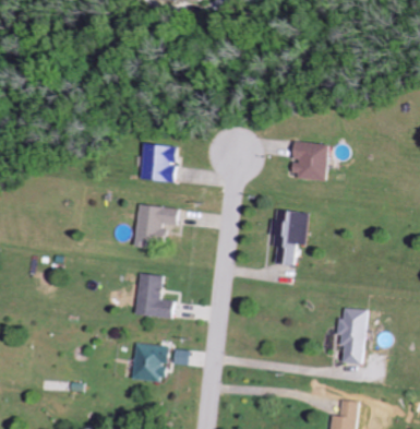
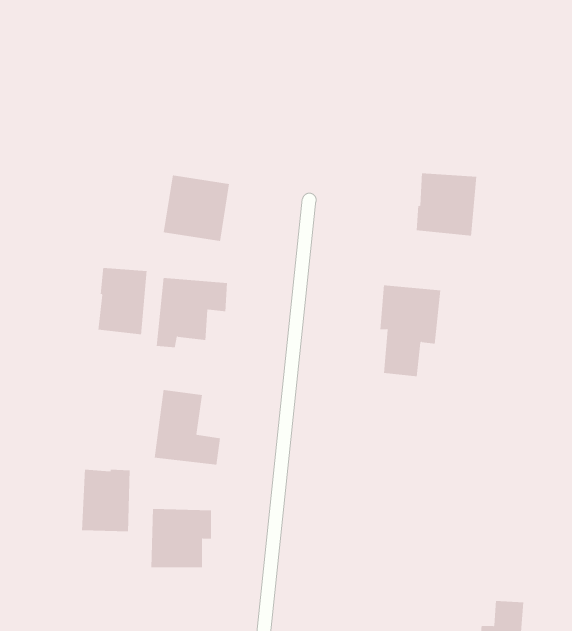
building: none -> [98,267,147,335]
building: [338,308,365,364] -> none
building: none -> [82,469,130,532]

